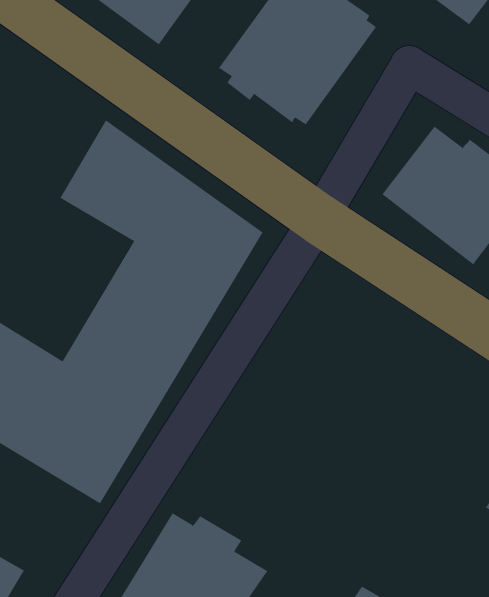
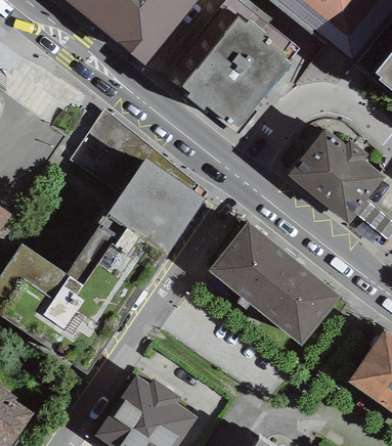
building: none -> [209,226,340,347]

